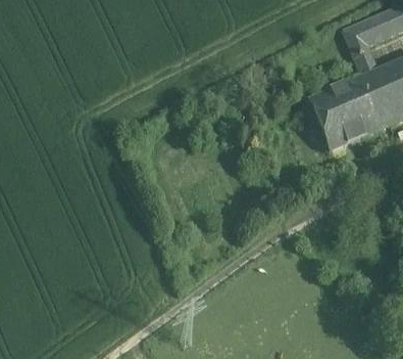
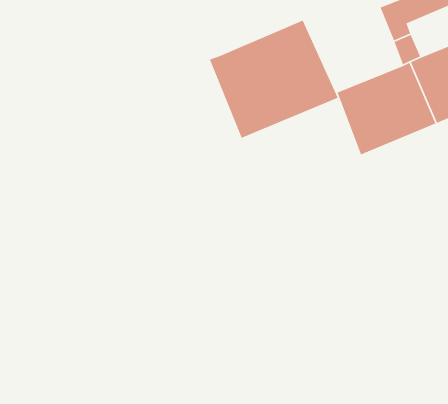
building: none -> [209,20,339,139]

